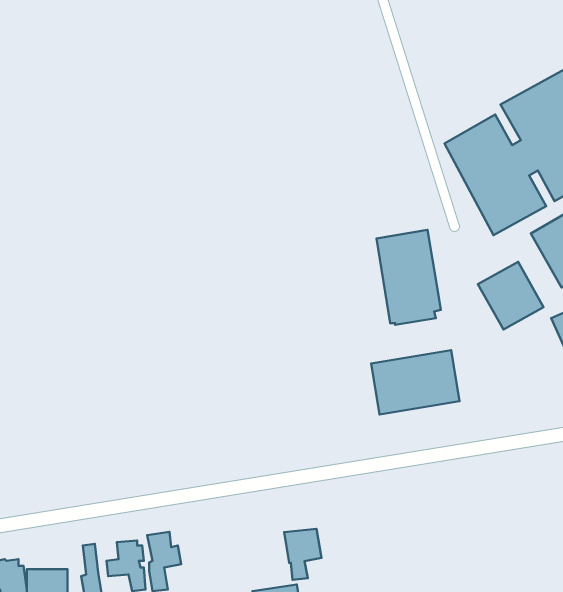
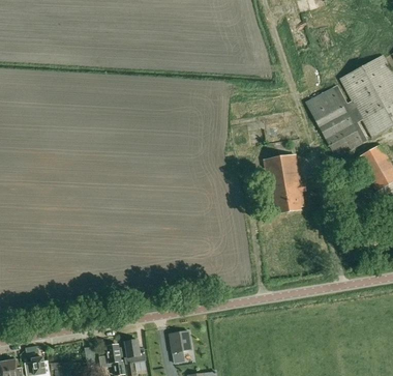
building: [478,262,544,329] -> none
building: [371,350,459,415] -> none
building: [284,529,321,580] -> [169,330,191,361]

